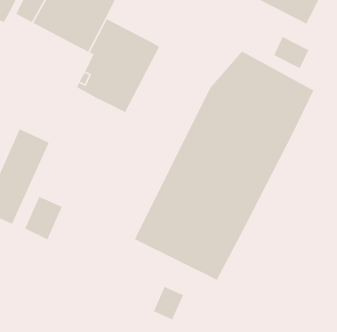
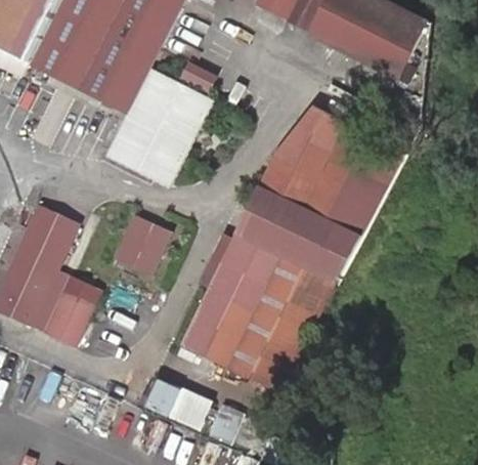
building: [273,36,310,69] -> none
building: none -> [111,214,167,273]
building: none -> [140,376,208,428]

